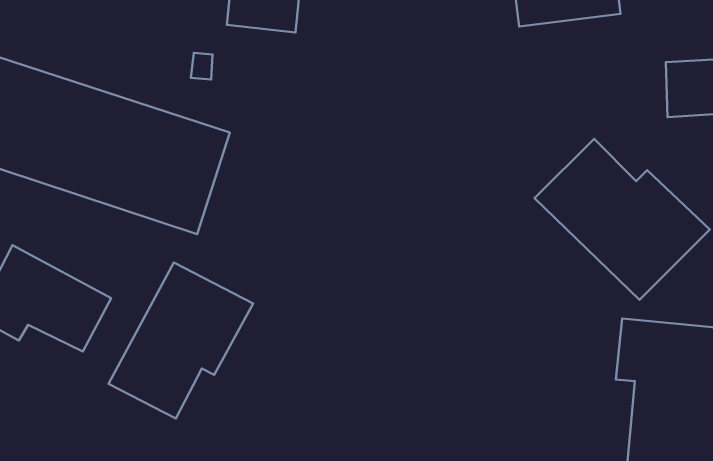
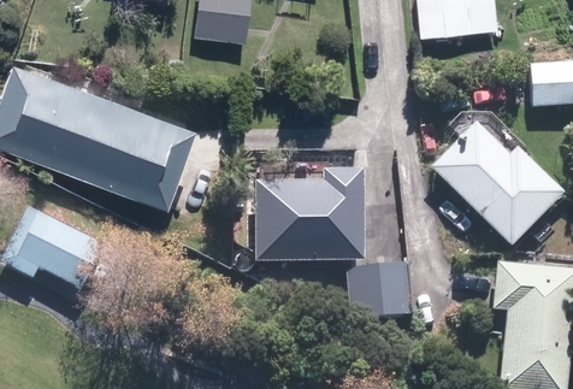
building: none -> [255,167,365,261]
building: [109,262,253,418] -> none
building: none -> [345,263,410,320]

